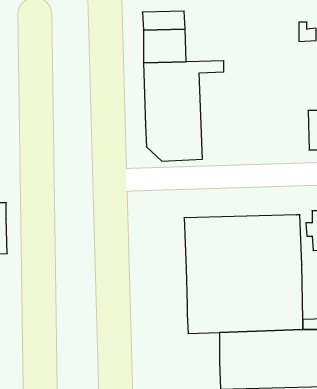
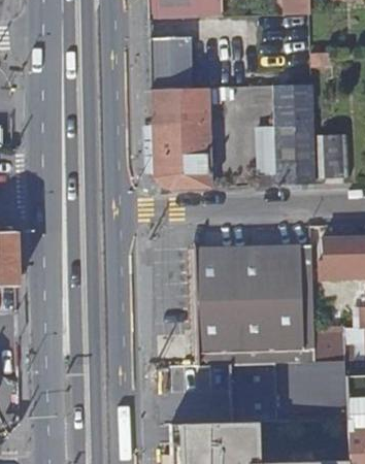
building: none -> [260,84,314,186]

